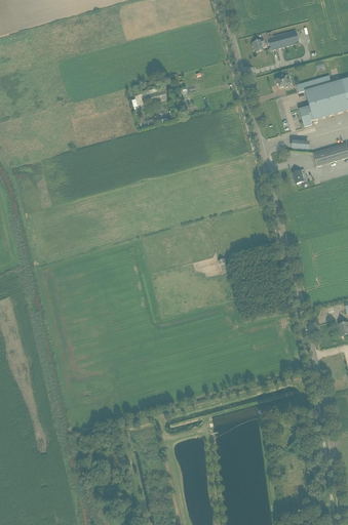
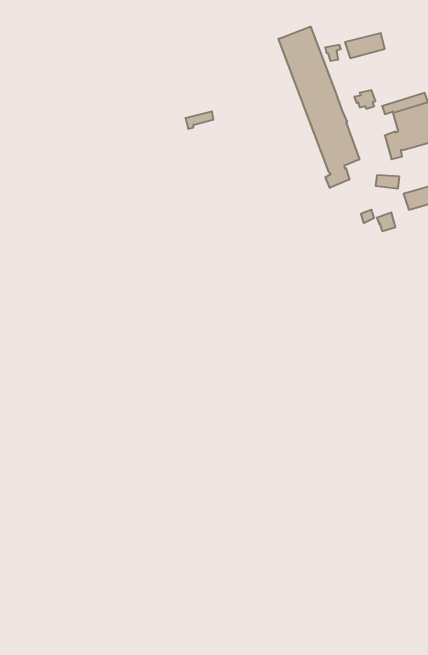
building: none -> [278,27,359,188]

